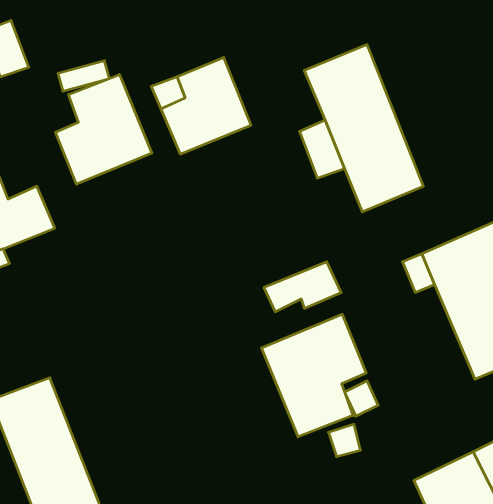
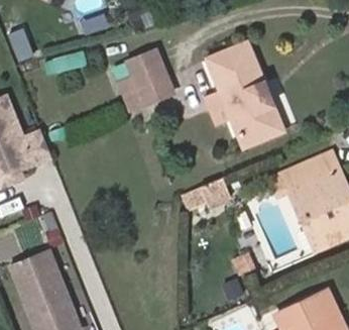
building: [55,74,152,184] -> none
building: [262,314,366,437] -> none

